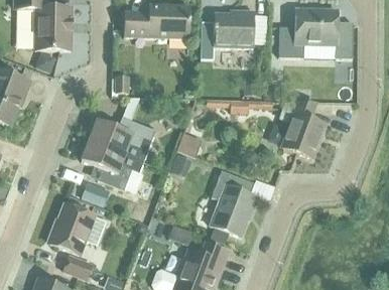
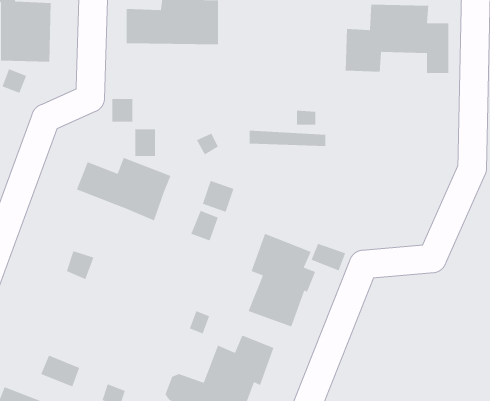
building: [202,10,254,57] -> none
building: [280,102,325,157] -> none
building: [82,139,144,189] -> none
building: [49,203,106,254] -> none

